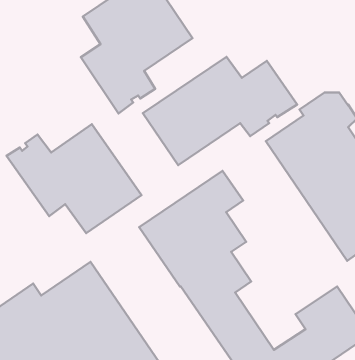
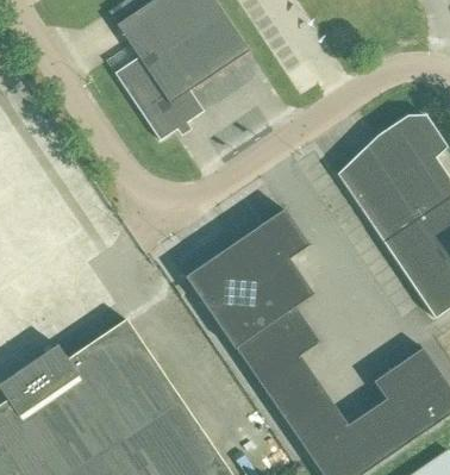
building: [143,57,297,165] -> none
building: [7,124,142,233] -> none

